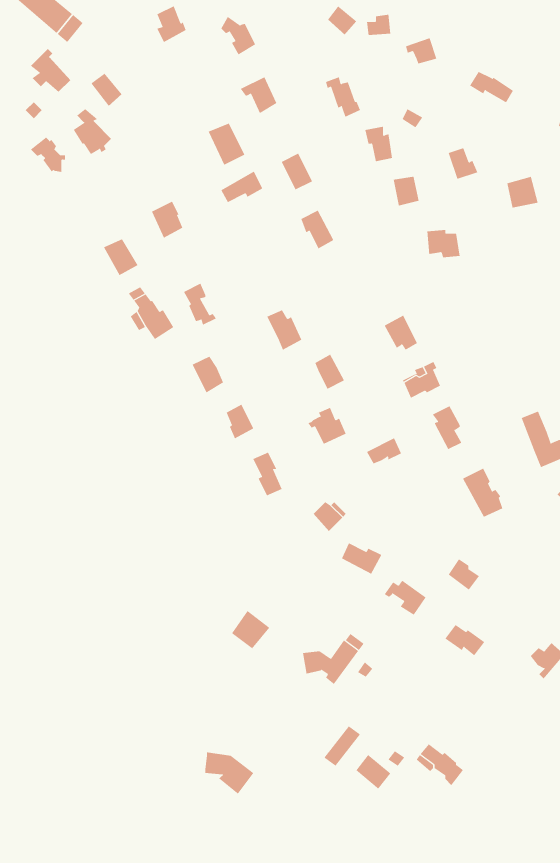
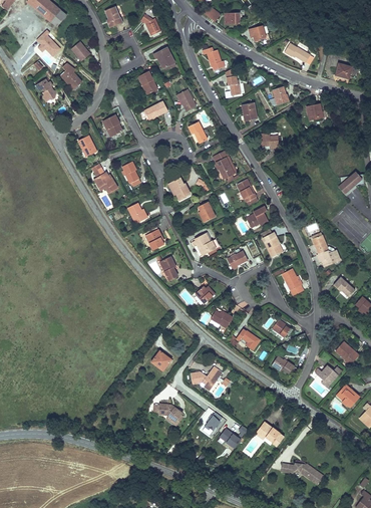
building: none -> [213,151,239,183]
building: [204,752,254,795] -> [156,402,184,426]
building: none -> [280,459,323,484]

